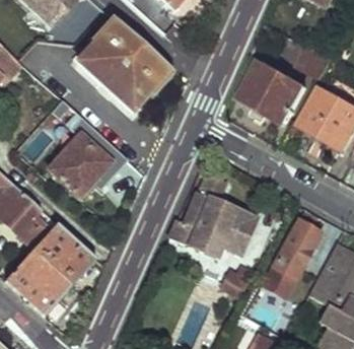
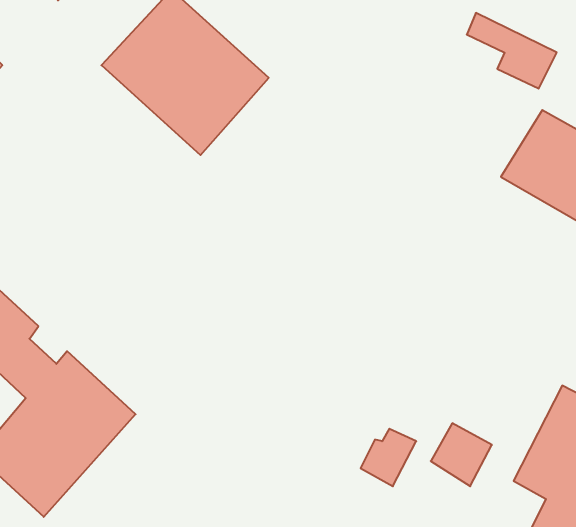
building: [242,64,306,124] -> none
building: [48,123,112,198] -> none
building: [167,171,254,256] -> none
building: [272,218,318,275] -> none

